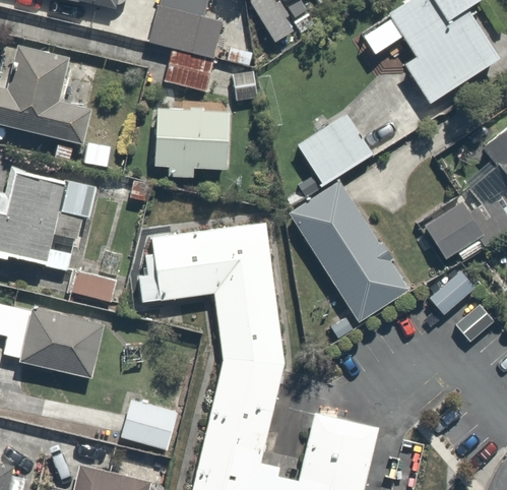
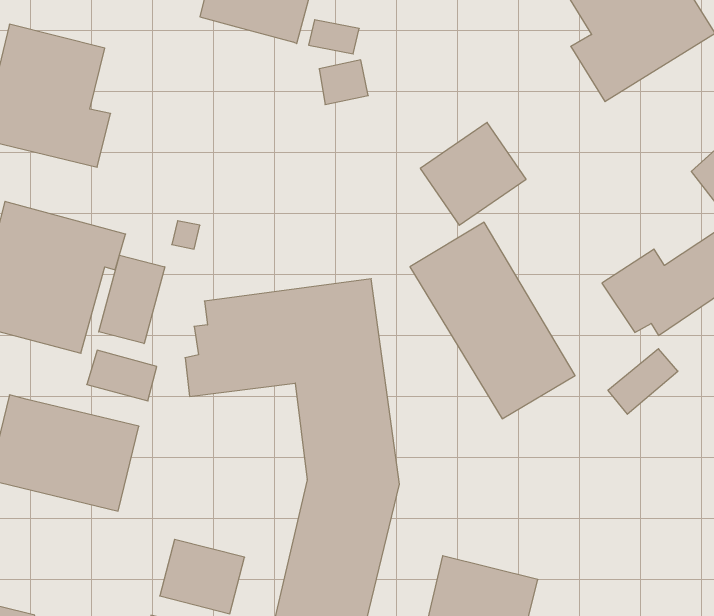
building: [162,49,212,94] -> none
building: [156,108,231,179] -> none
building: none -> [99,255,165,344]

